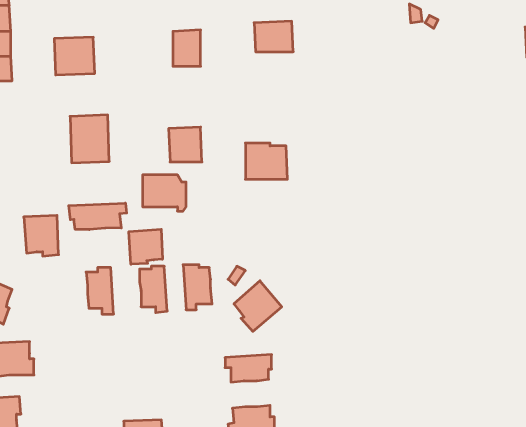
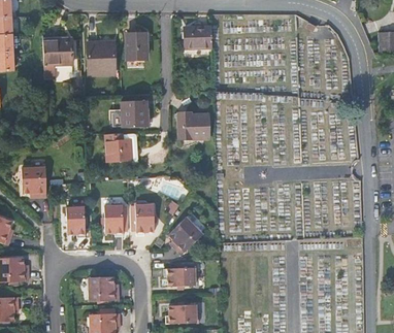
building: [70,115,109,163] -> [87,41,114,75]
building: [69,203,127,230] -> none
building: [129,229,162,264] -> none
building: none -> [90,273,118,299]

